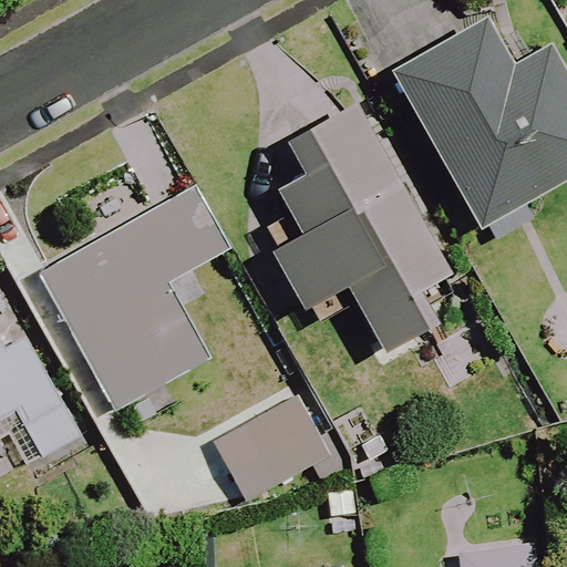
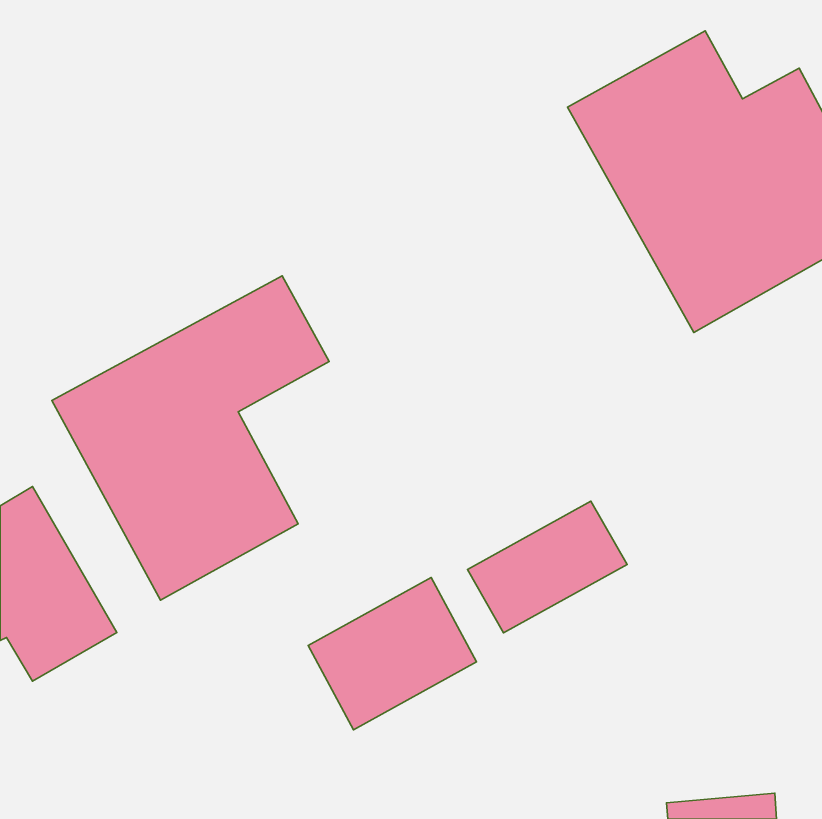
building: [271,104,450,352] -> none
building: none -> [467,501,627,633]

